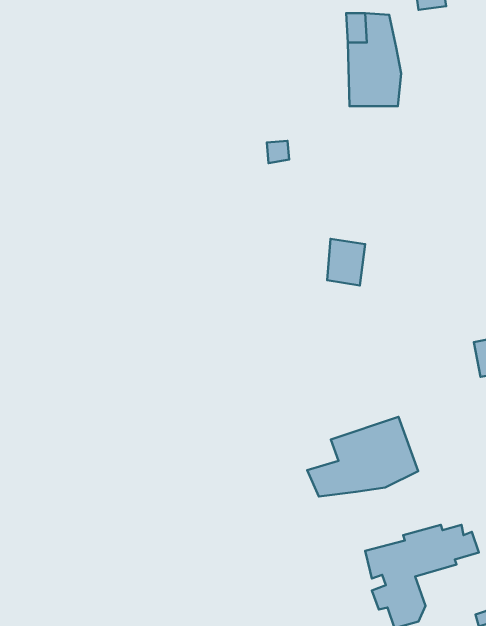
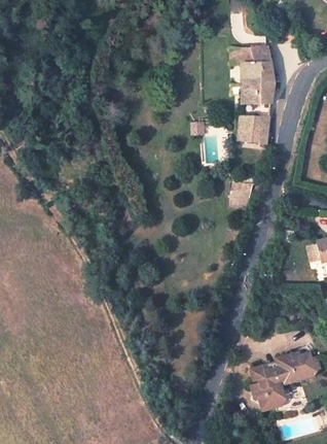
building: none -> [240,114,269,143]
building: [307,417,418,497] -> none

